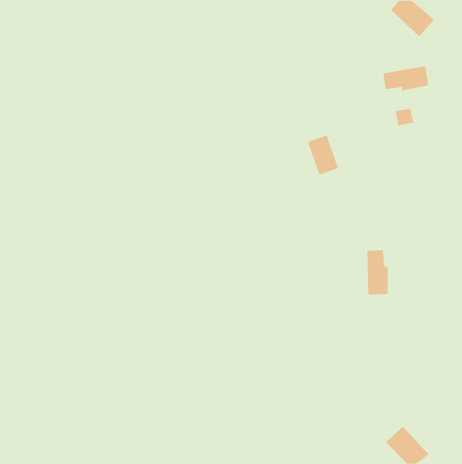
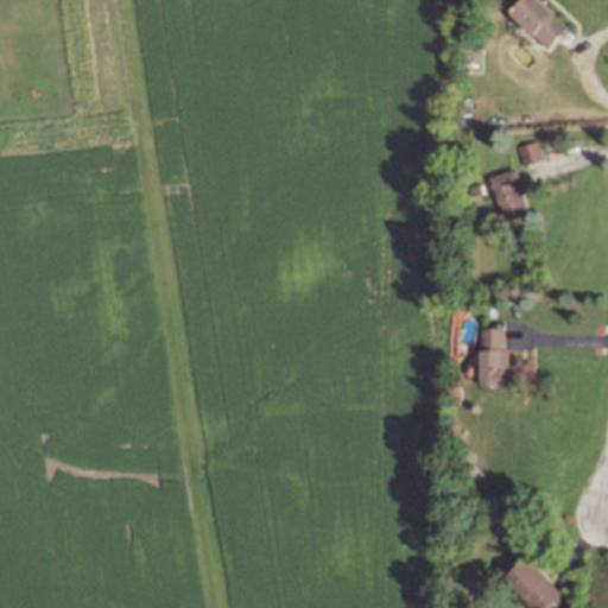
building: [383,65,429,91] -> none
building: [307,135,339,176] -> [487,169,528,222]

